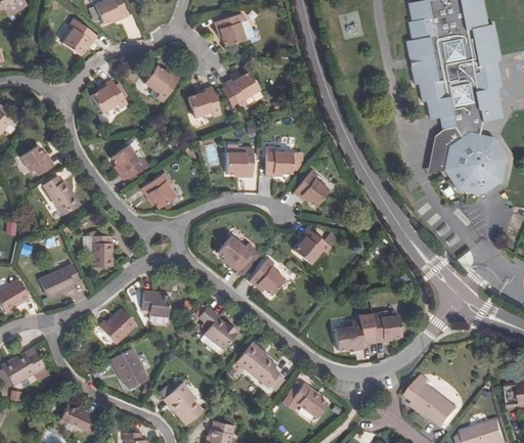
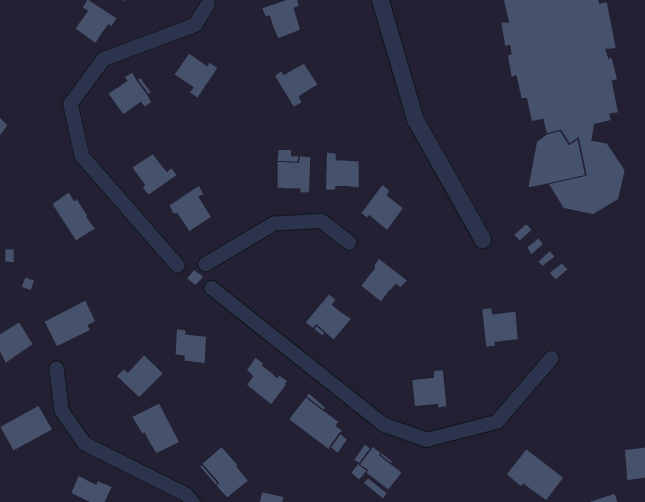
building: [185,87,219,119] -> none
building: [19,146,54,177] -> none
building: [92,235,113,267] -> none
building: [217,235,255,271] -> none
building: [374,312,403,344] -> [482,308,519,347]

